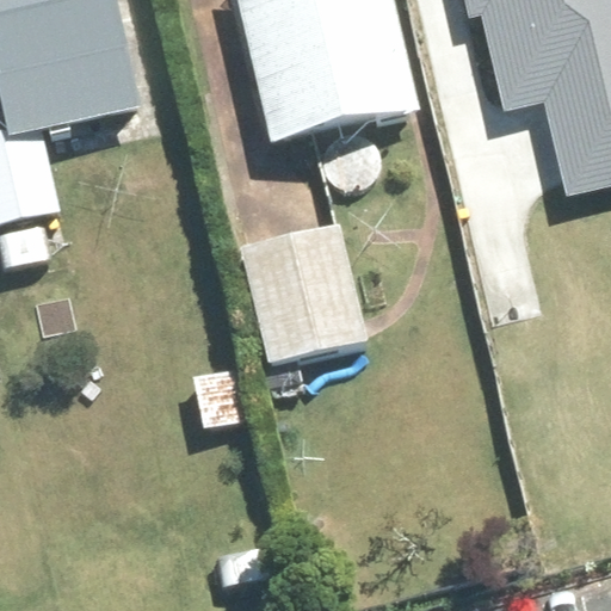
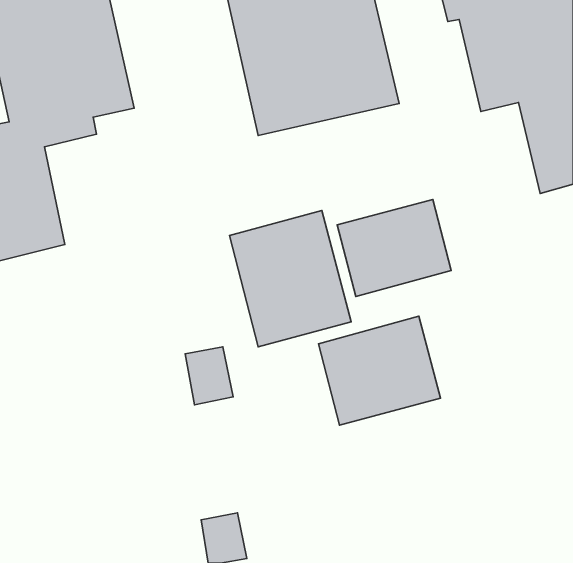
building: none -> [337,199,451,297]
building: none -> [318,316,440,425]

